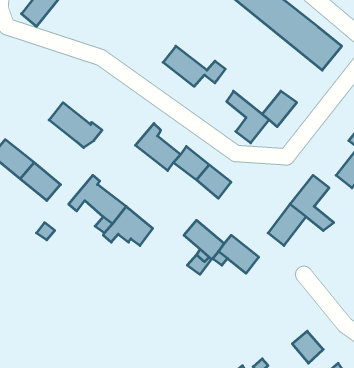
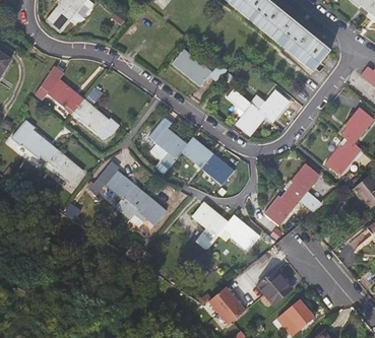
building: none -> [35,65,84,114]
building: none -> [258,269,293,307]
building: none -> [208,285,245,323]

